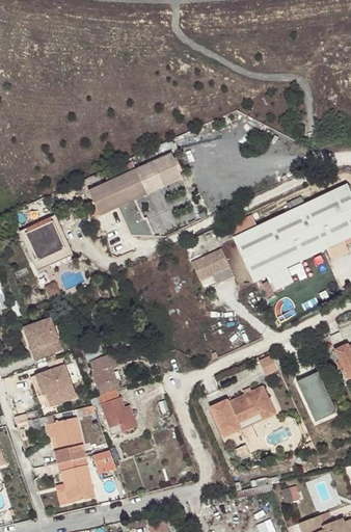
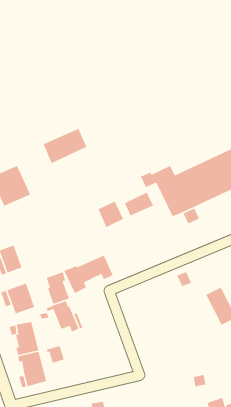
building: [134,151,182,192] -> none
building: none -> [97,200,124,228]
building: [210,384,275,435] -> [63,255,114,294]

